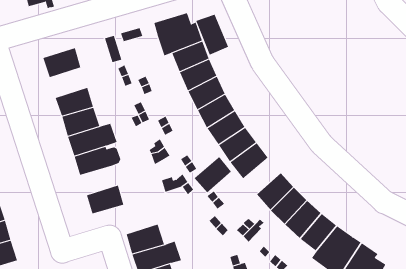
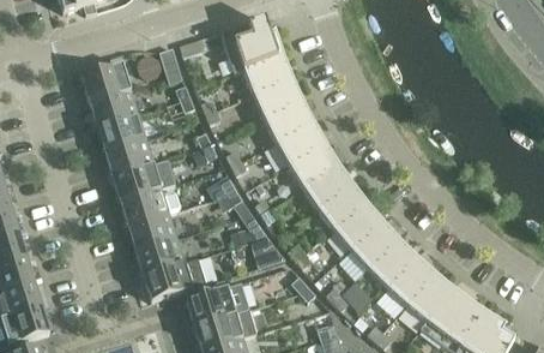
building: [196,14,229,56] -> none
building: none -> [89,88,138,126]
building: [194,156,232,193] -> [333,202,381,249]
building: none -> [127,213,176,250]
building: none -> [143,257,206,300]

